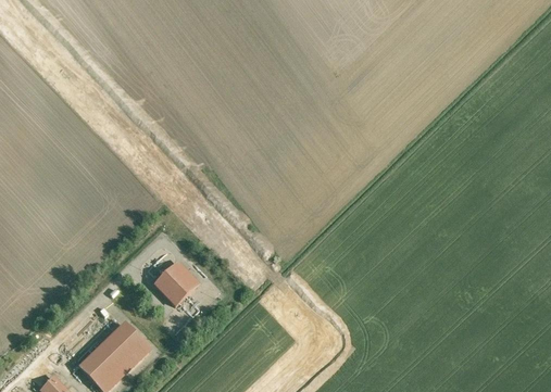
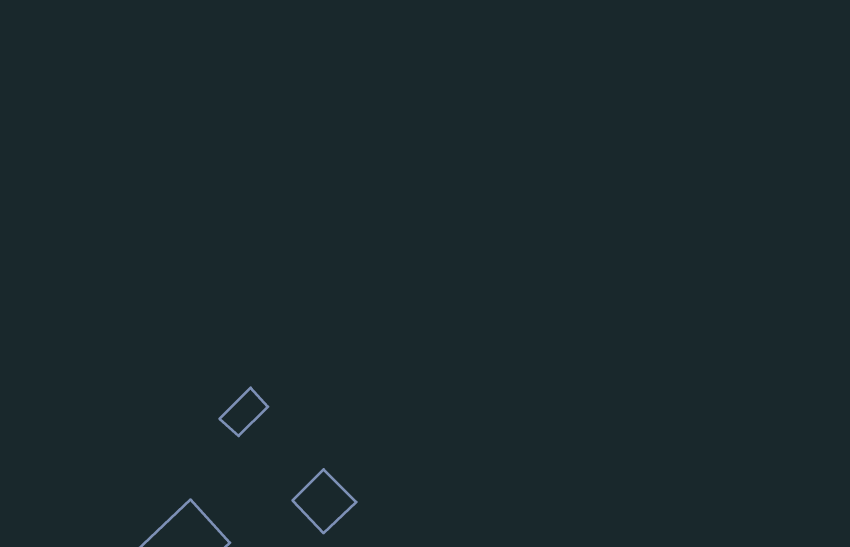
building: [158,264,198,304] -> [293,469,356,533]

